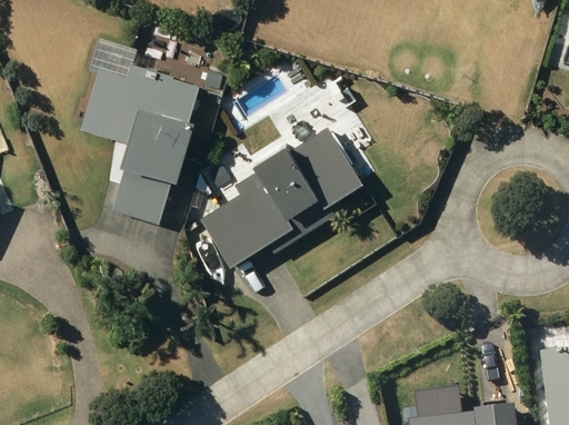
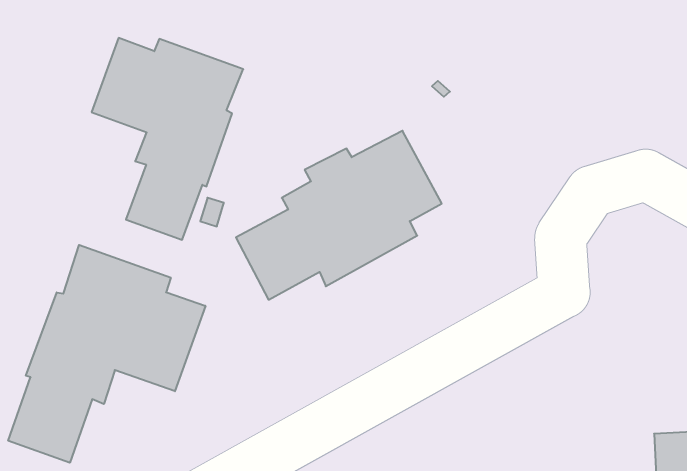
building: none -> [8,245,205,463]

